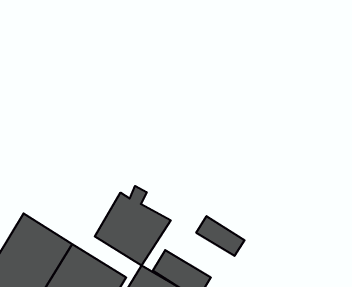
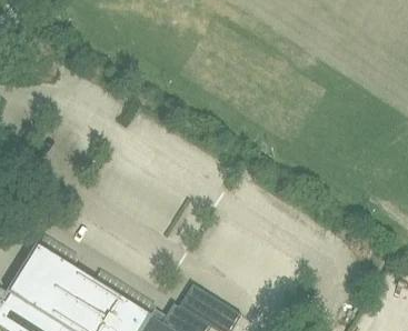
building: [95,186,171,265] -> none
building: [196,216,245,256] -> none

